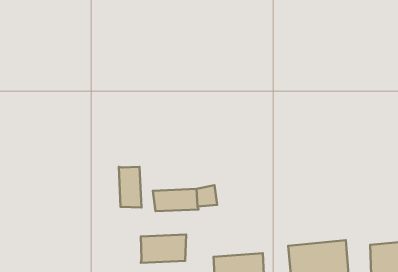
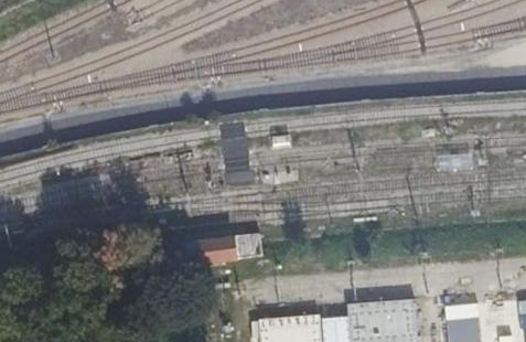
building: [119,167,141,208] -> none
building: [141,234,186,263] -> none

